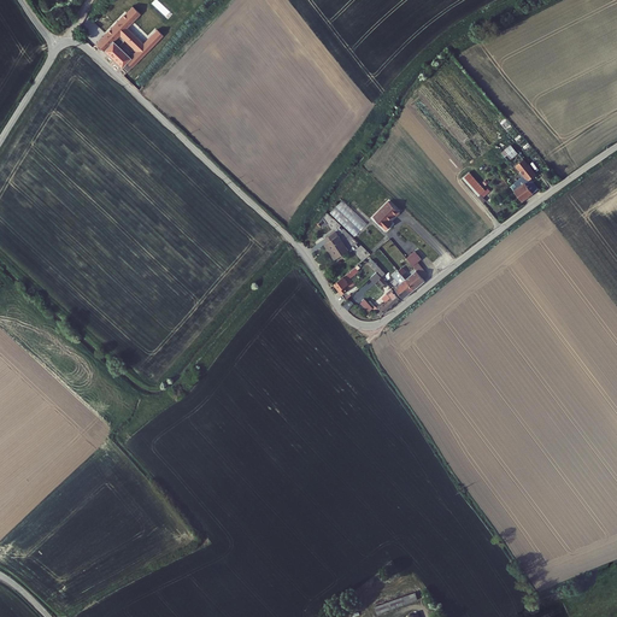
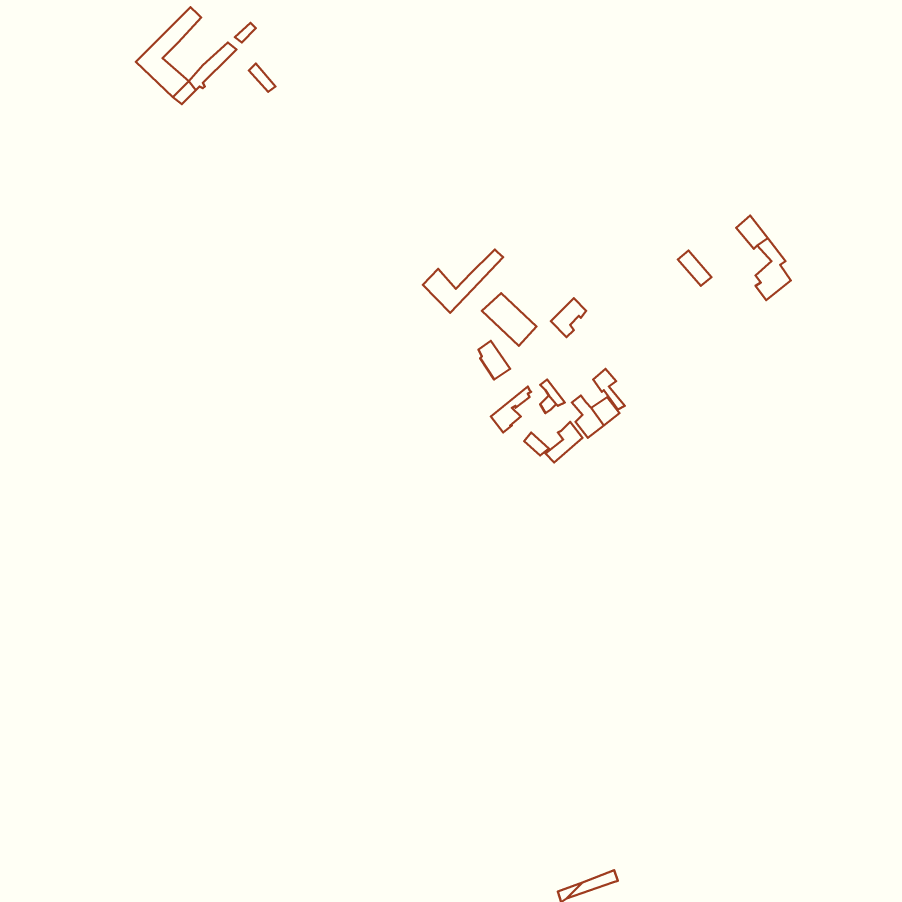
building: none -> [423,249,503,313]

